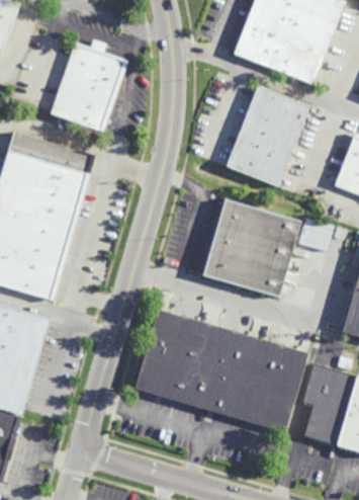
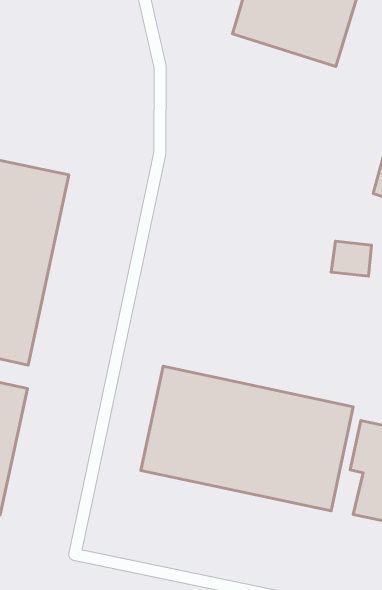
building: [52,38,129,131] -> none
building: [226,84,308,186] -> none
building: [198,197,300,297] -> none

